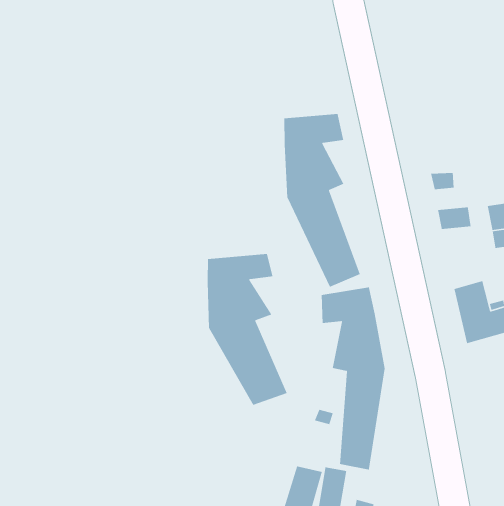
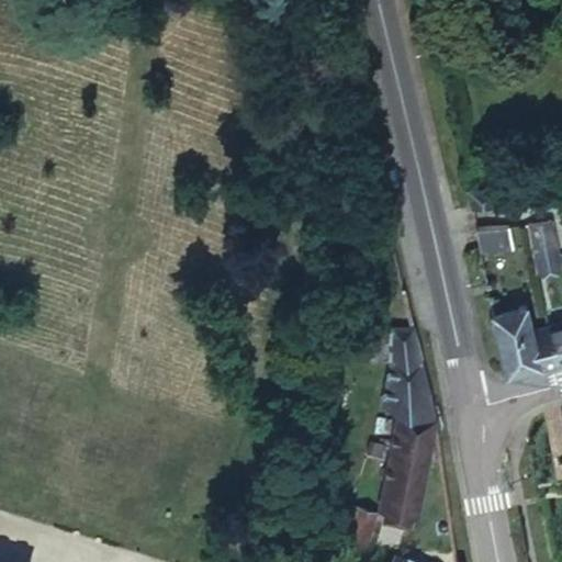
building: [284,113,361,288] -> none
building: [207,253,288,406] -> none

